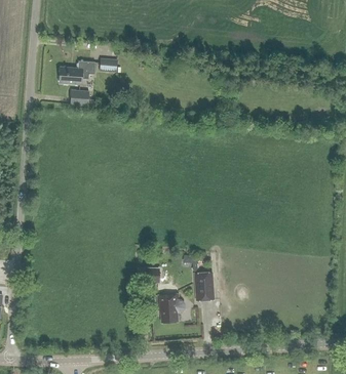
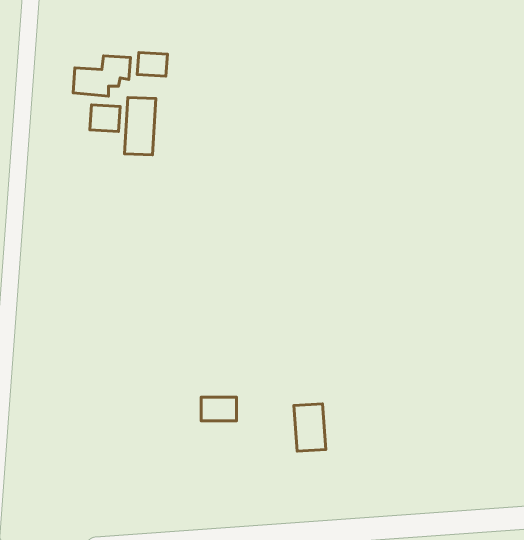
building: none -> [124,97,156,155]
building: [158,293,185,322] -> none

